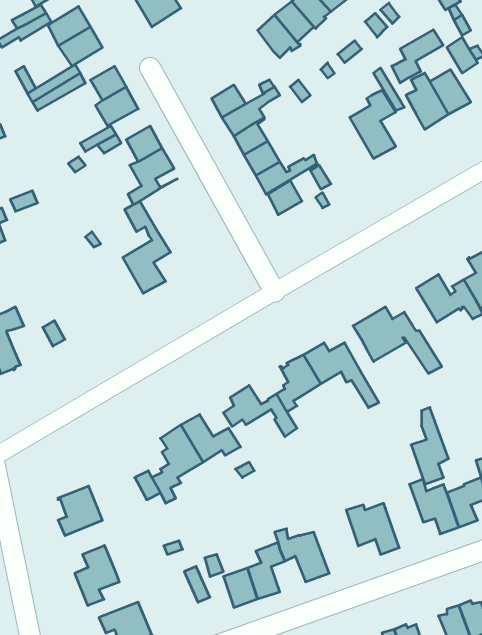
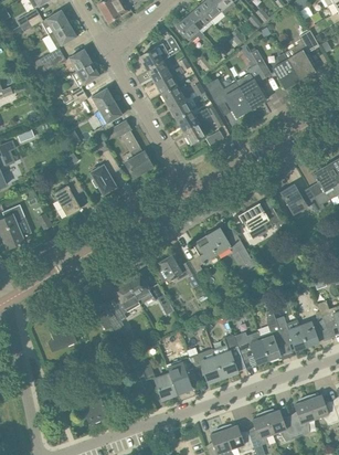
building: [392,30,443,83] -> none
building: none -> [139,35,180,68]
building: none -> [210,82,252,117]
building: none -> [113,121,152,178]
building: none -> [53,176,83,216]
building: [411,407,449,484] -> [259,310,284,360]
building: none -> [213,335,241,377]
building: [75,545,119,606] -> none

